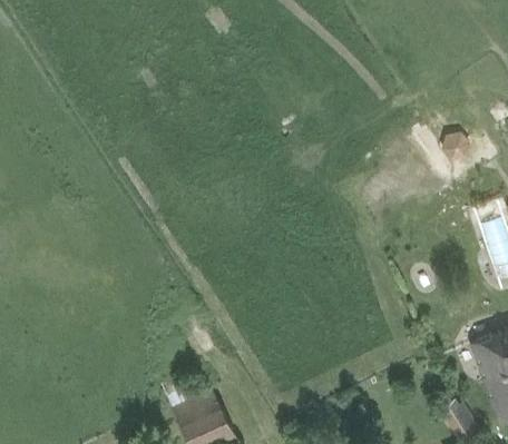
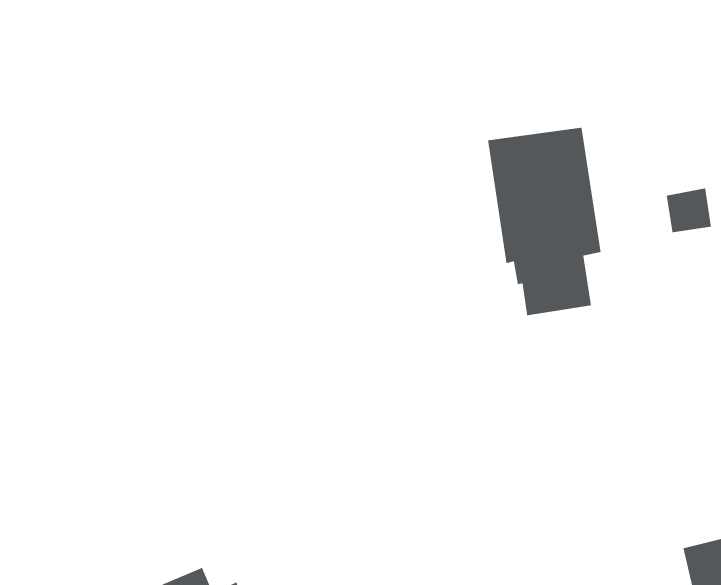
building: none -> [487,127,601,316]

